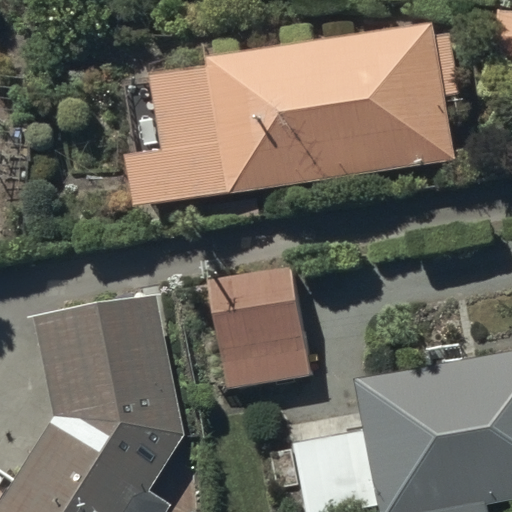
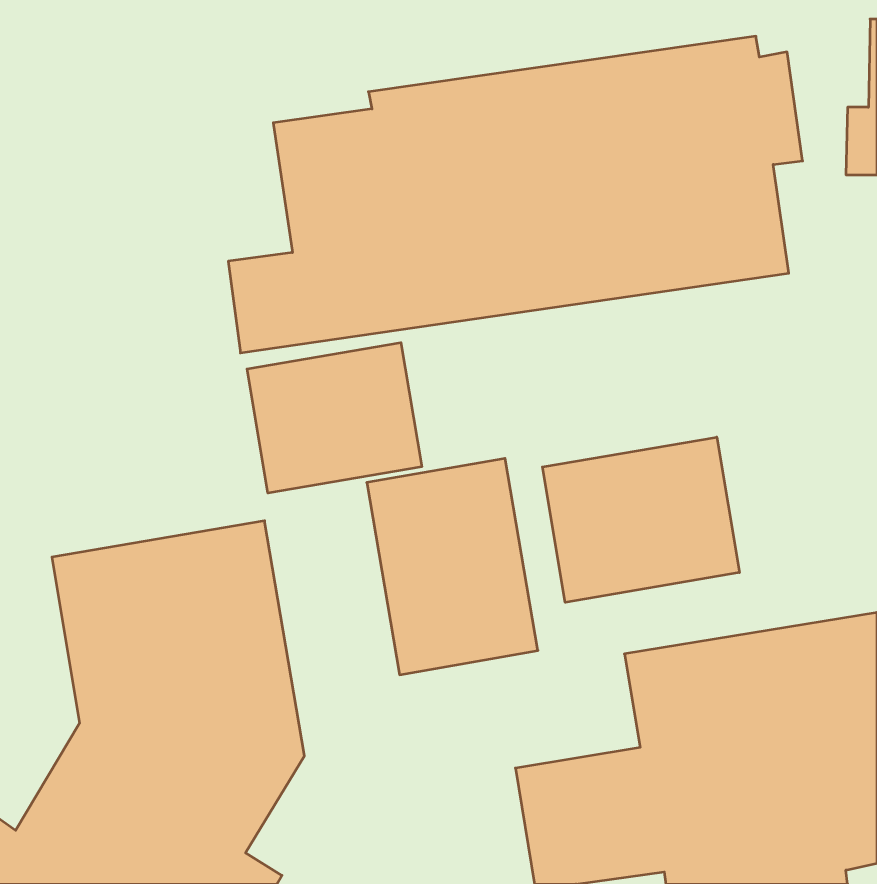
building: none -> [247,343,422,493]
building: none -> [542,437,739,602]

